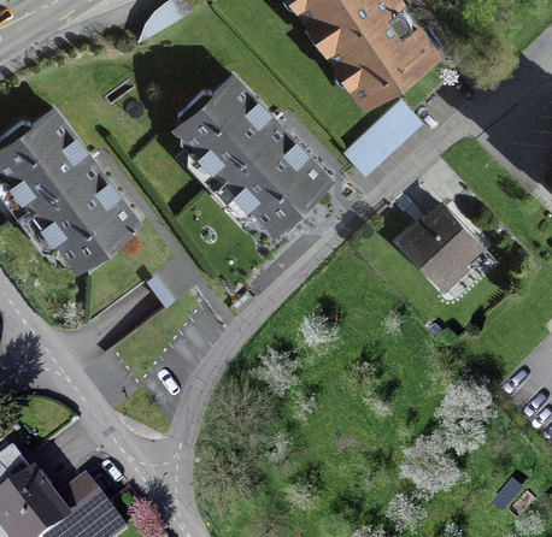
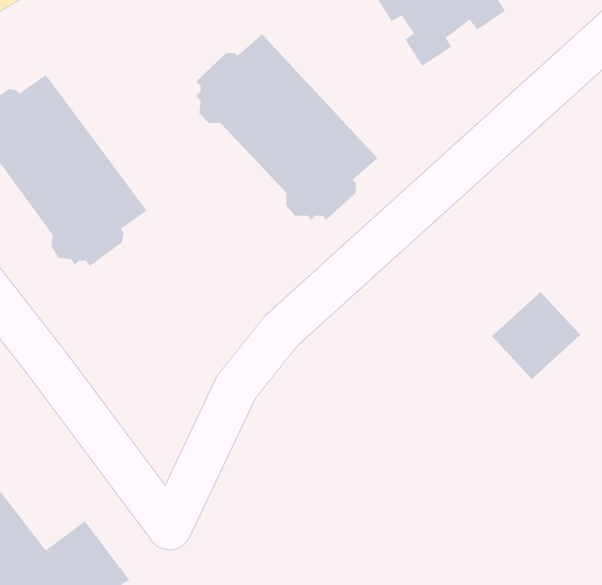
building: [343,101,419,175] -> none
building: [404,207,478,281] -> [491,291,581,380]

